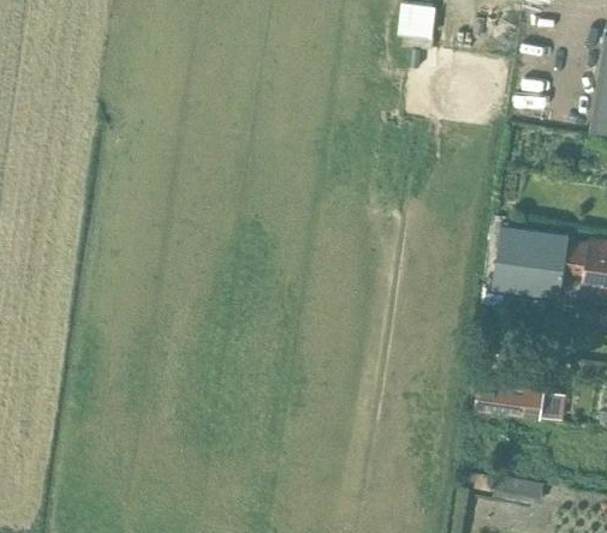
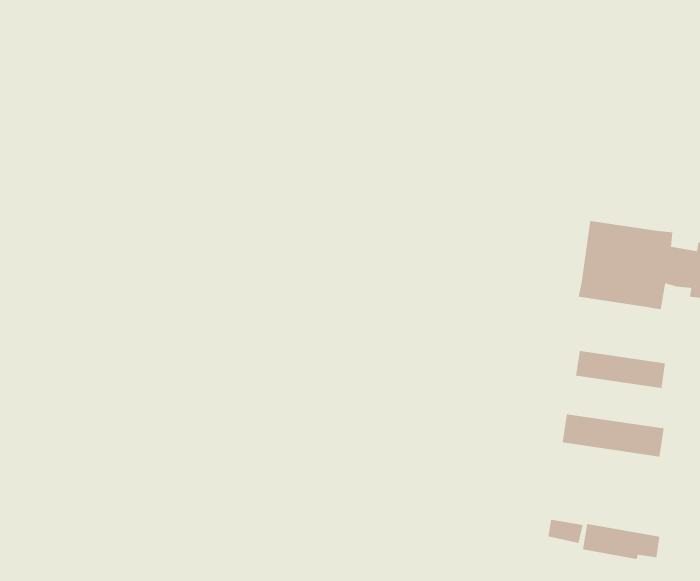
building: none -> [576,350,666,389]

